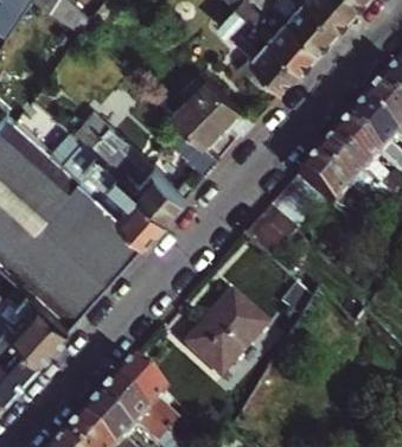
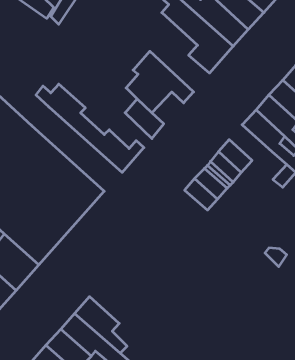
building: [63,130,171,231] -> none
building: [299,152,350,202] -> none
building: [189,288,268,371] -> none

